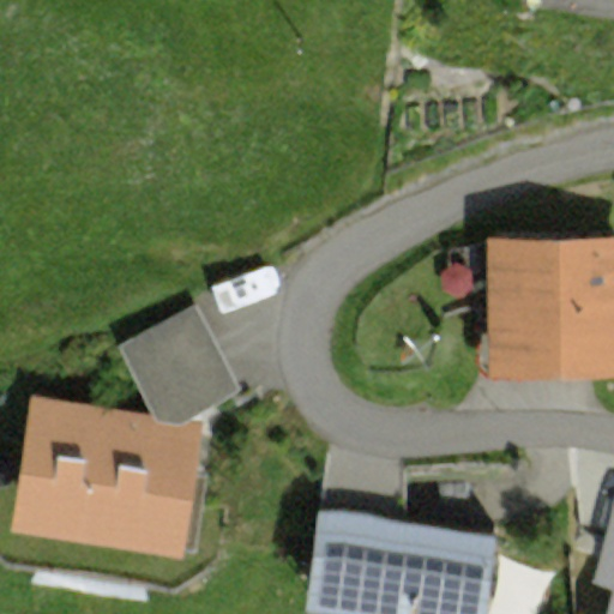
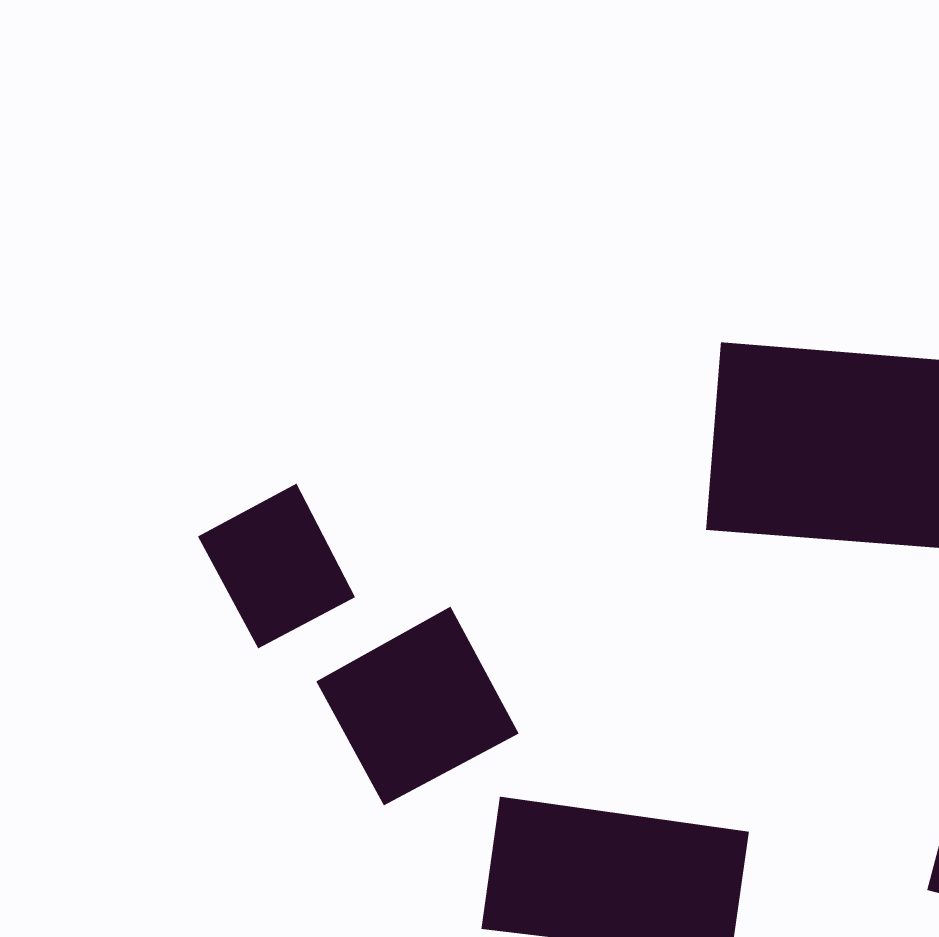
building: none -> [315,605,520,807]
building: [28,414,199,553] -> none

